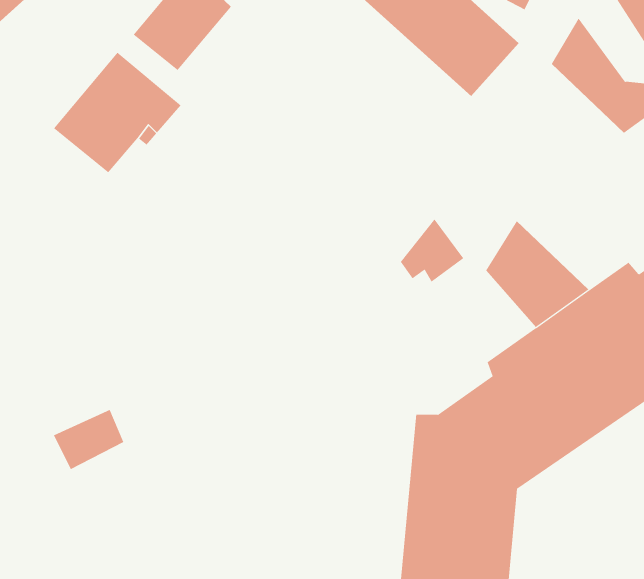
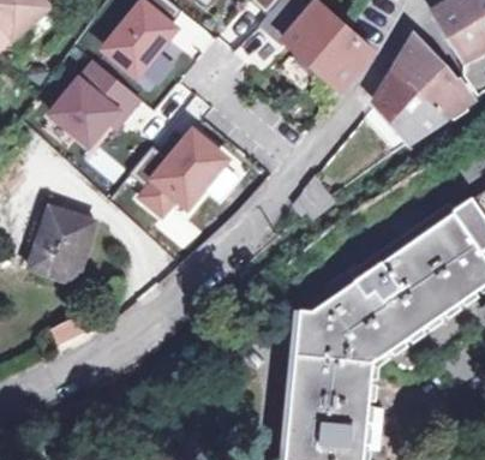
building: none -> [128,132,224,214]
building: [485,220,589,328] -> [373,68,445,143]
building: none -> [29,208,100,286]

